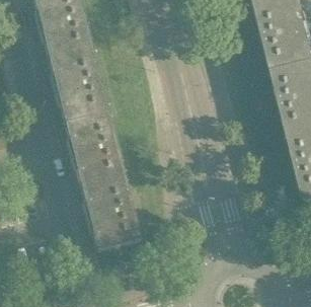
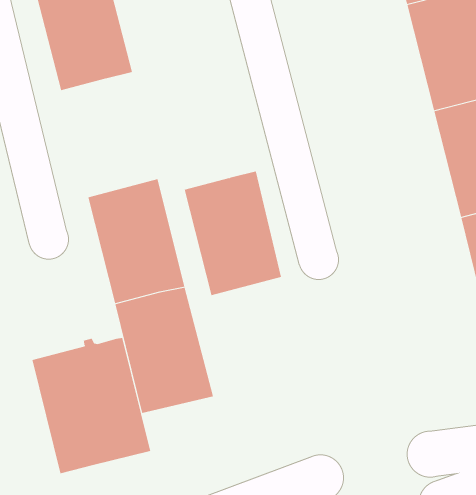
building: [48,46,106,121] -> [184,171,282,296]
building: none -> [32,337,151,474]

